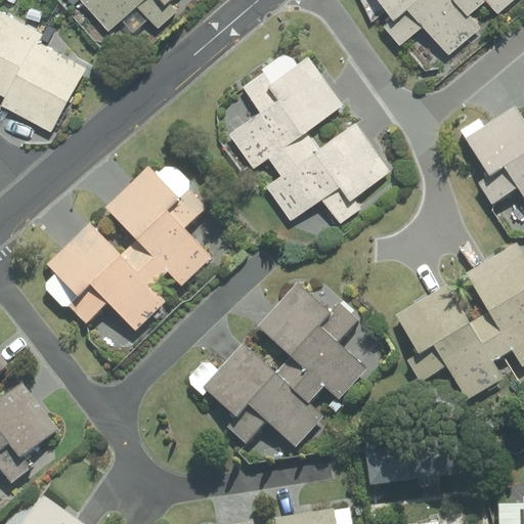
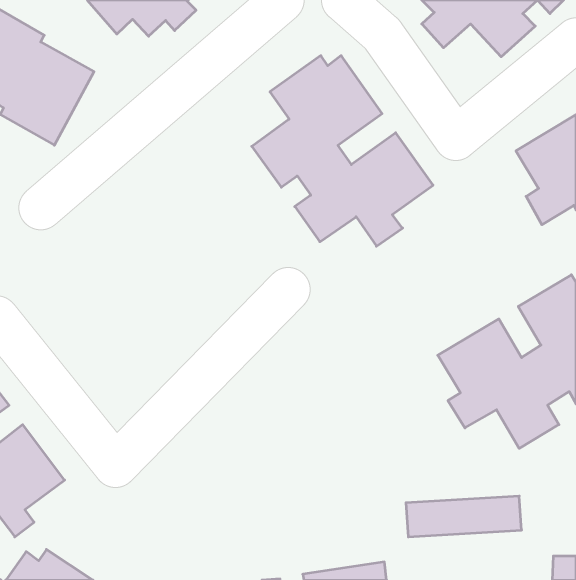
building: [45,163,212,333] -> none
building: [185,285,367,449] -> none

